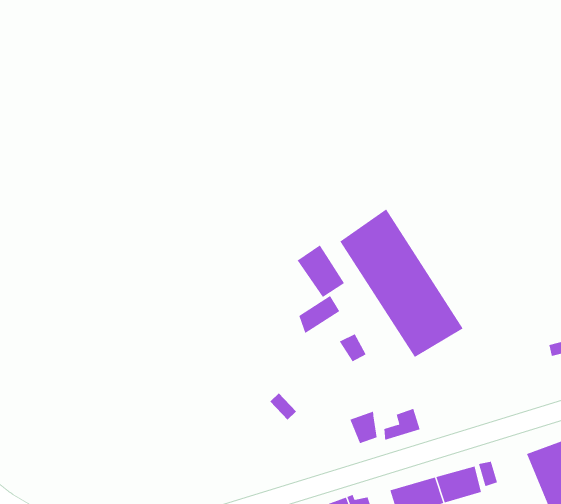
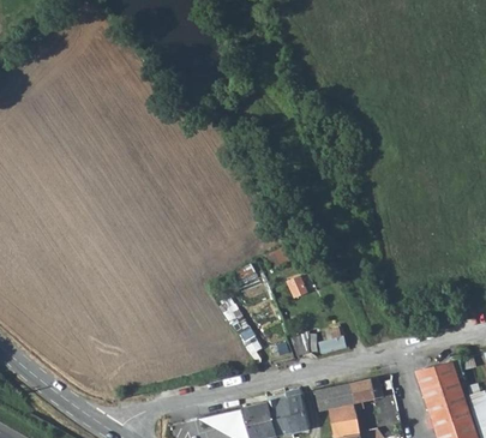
building: [339,208,463,358] -> none
building: [297,245,345,298] -> none

